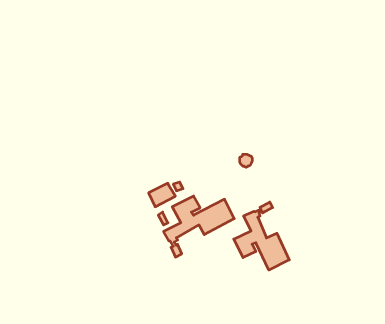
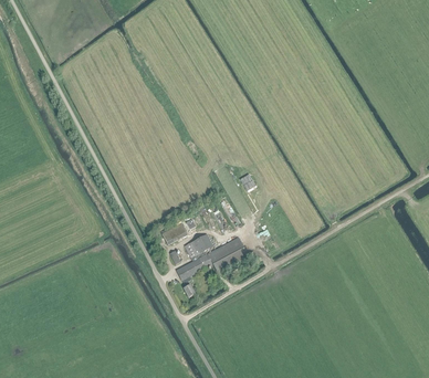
building: [234,202,289,270] -> none

